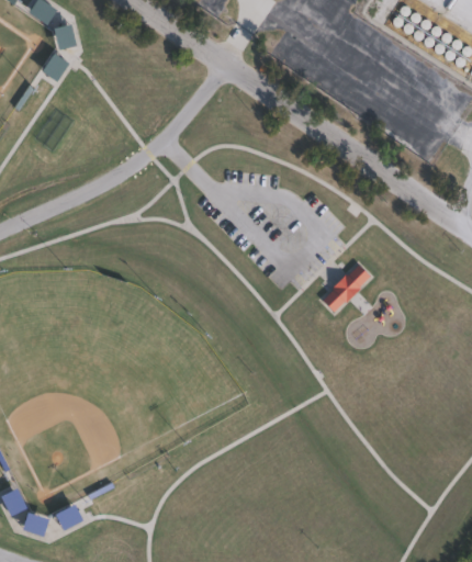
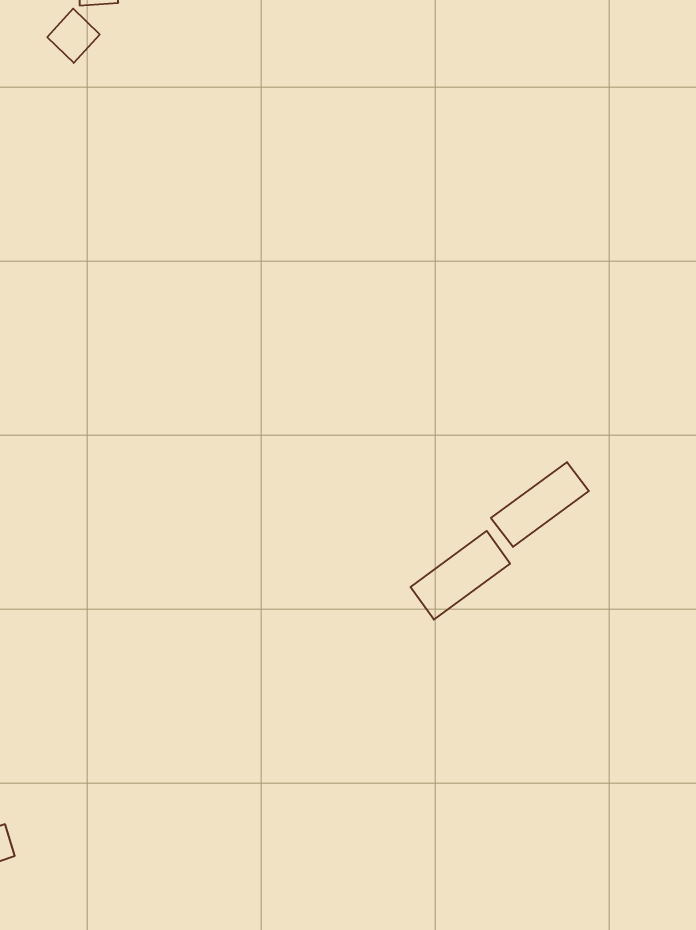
building: none -> [411,531,510,620]

